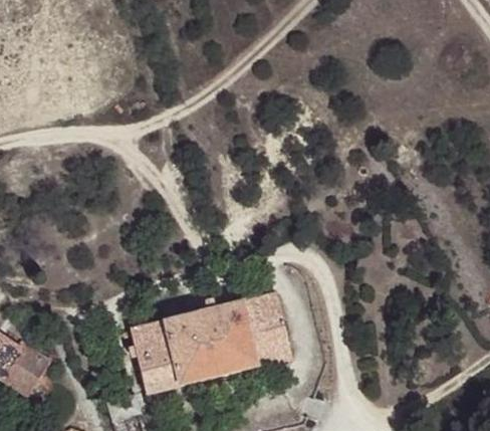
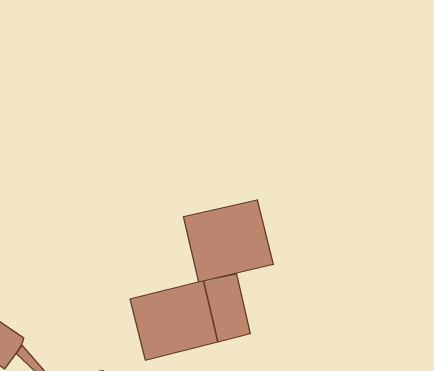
building: none -> [184,200,273,282]
building: [127,320,174,392] -> none

